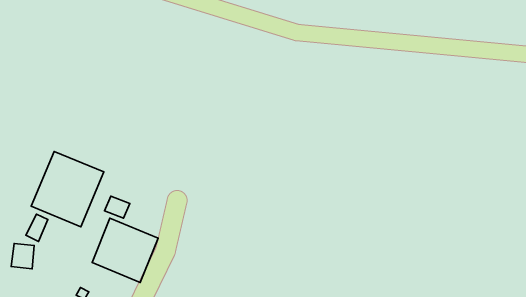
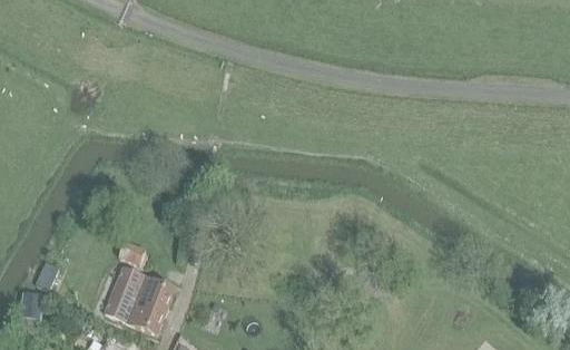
building: [31,151,104,227] -> none

